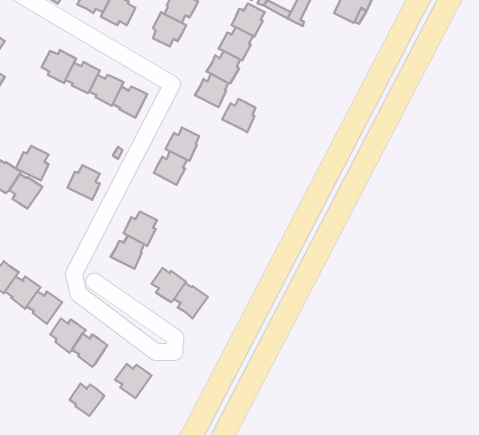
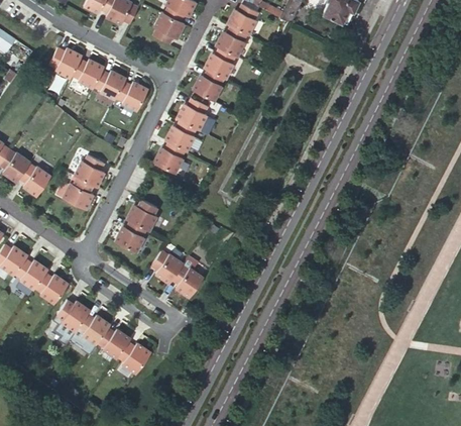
building: [222,99,256,132] -> [177,99,208,130]
building: [16,146,48,180] -> [63,178,93,210]
building: [70,384,104,416] -> [99,327,131,357]

